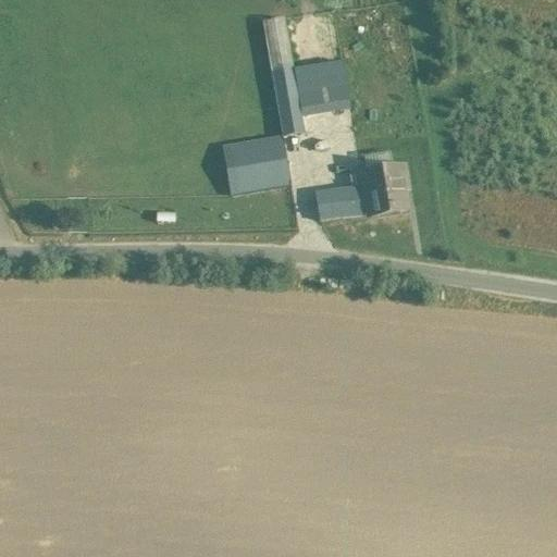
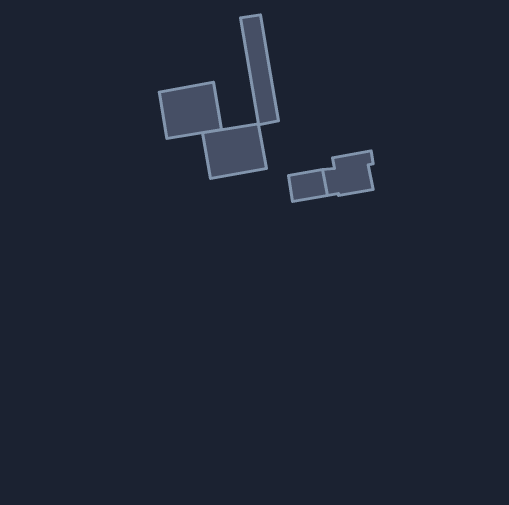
building: [294,60,348,107] -> none
building: none -> [159,82,222,139]

